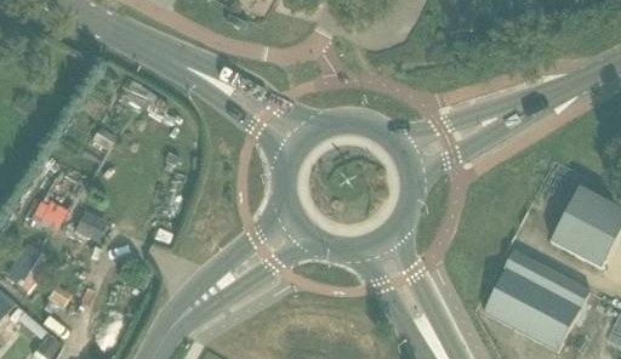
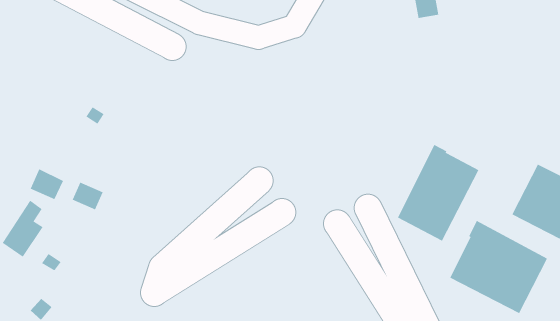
building: none -> [397,144,479,241]

